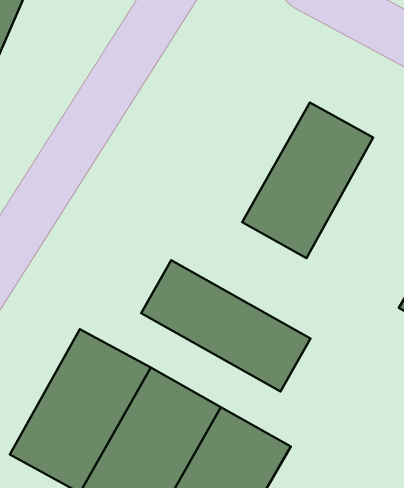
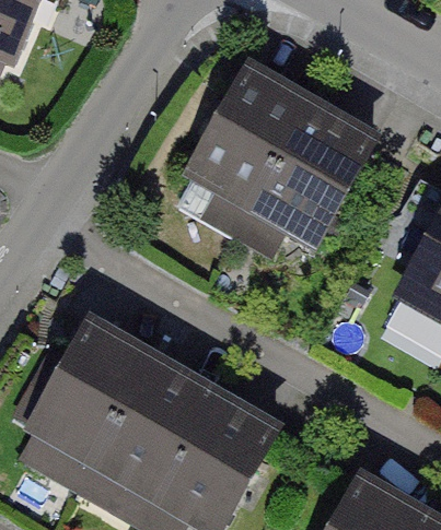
building: none -> [181,67,309,217]
building: [141,260,311,392] -> none

